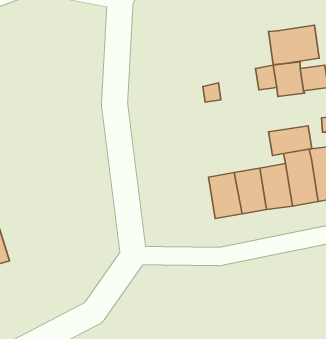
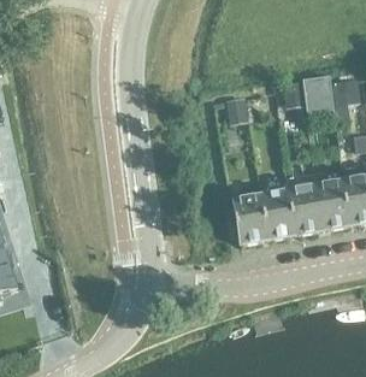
building: [269,25,319,65] -> none
building: [269,126,312,155] -> none

